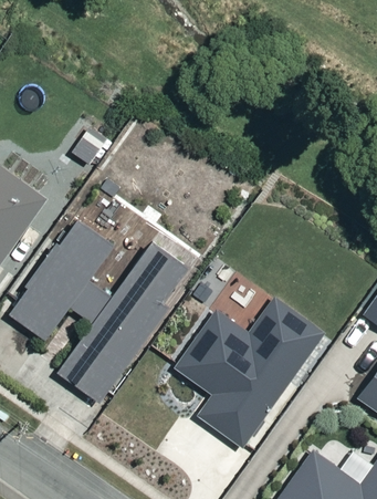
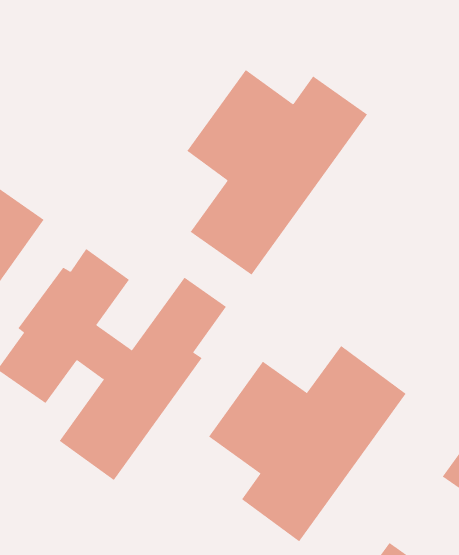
building: none -> [186,69,368,275]

